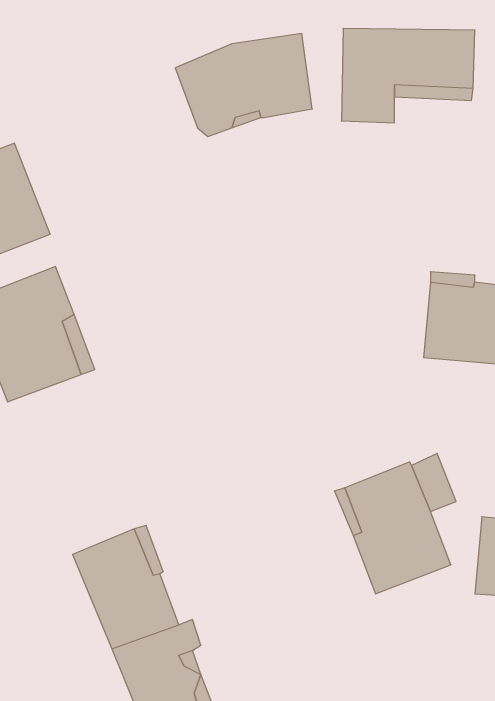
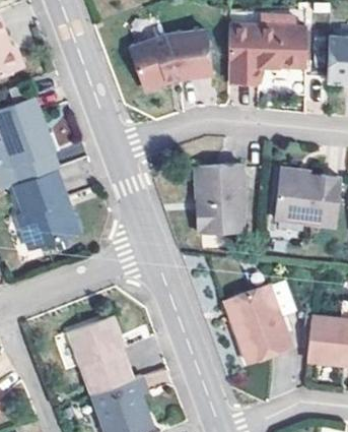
building: none -> [197,167,250,236]

